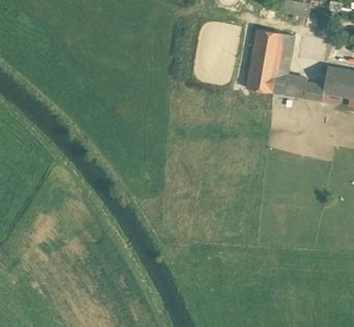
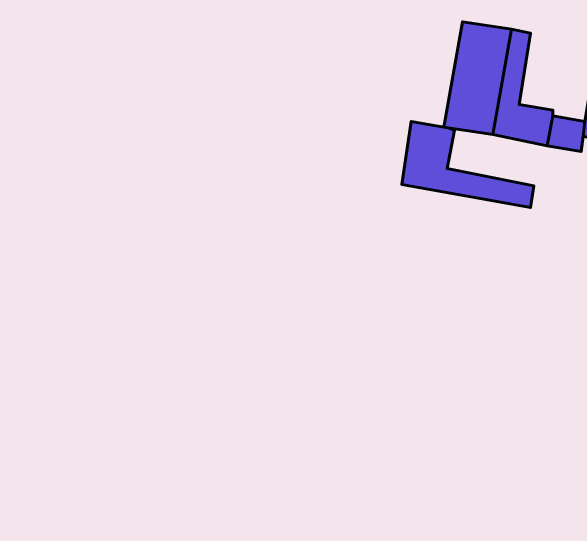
building: none -> [402,122,534,207]

